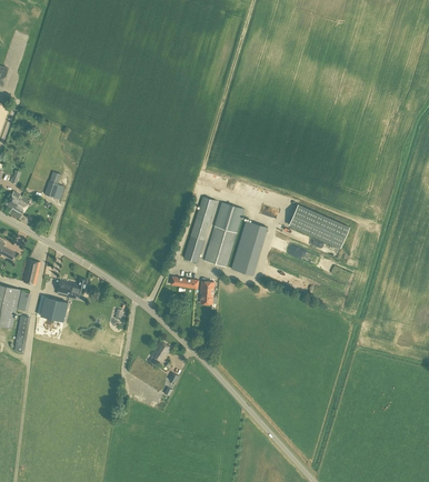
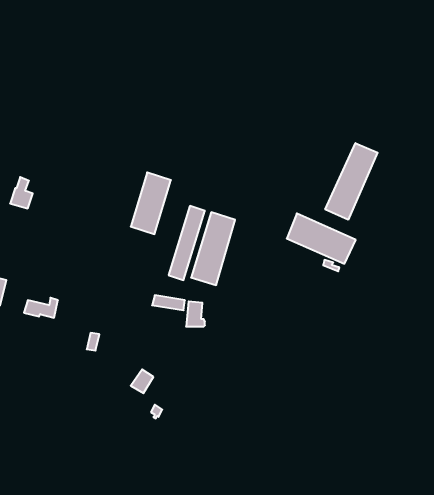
building: none -> [325,143,378,220]
building: [231,221,267,275] -> [131,172,171,234]
building: [39,298,67,322] -> none

